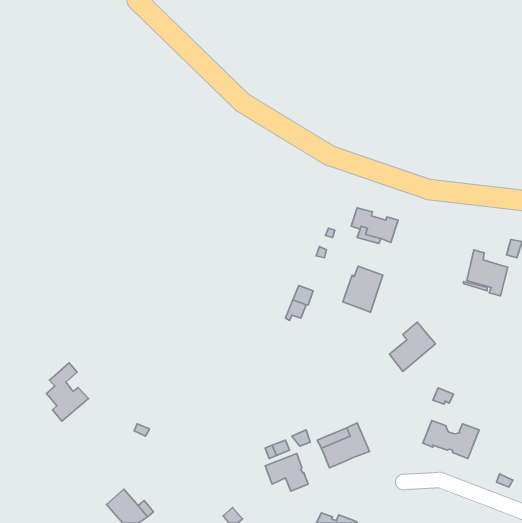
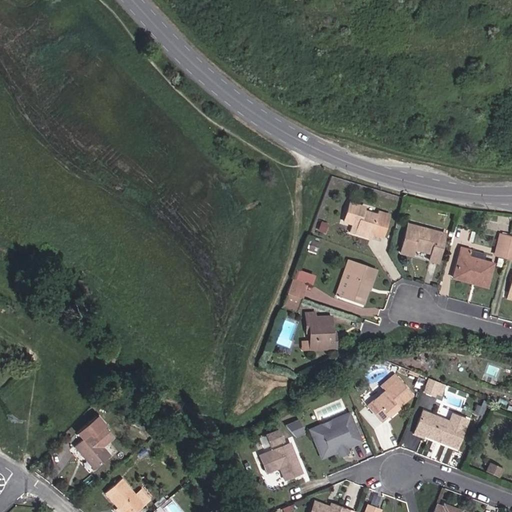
building: none -> [401,224,447,263]
building: [389,322,435,371] -> [368,374,413,422]
building: none -> [302,317,336,351]
building: [47,363,88,421] -> [75,416,116,473]

